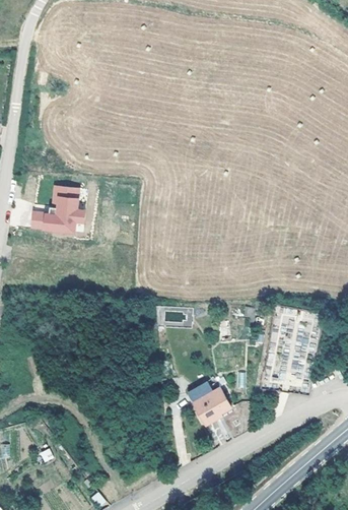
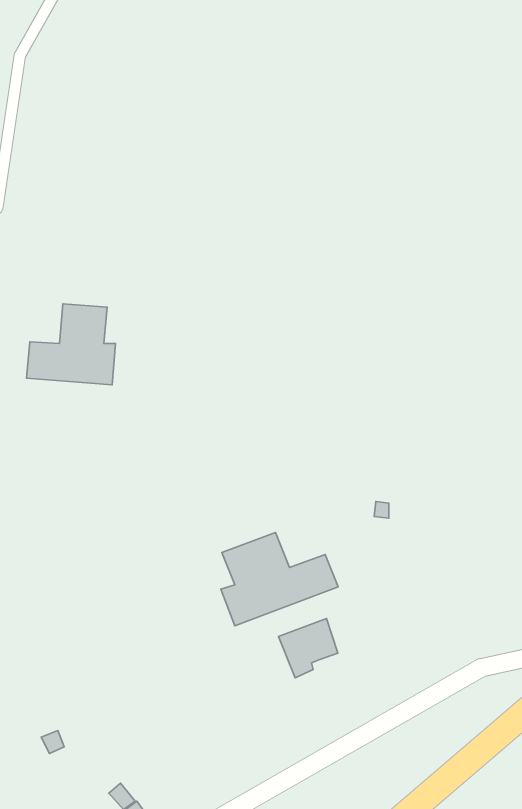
building: none -> [221,532,338,626]

